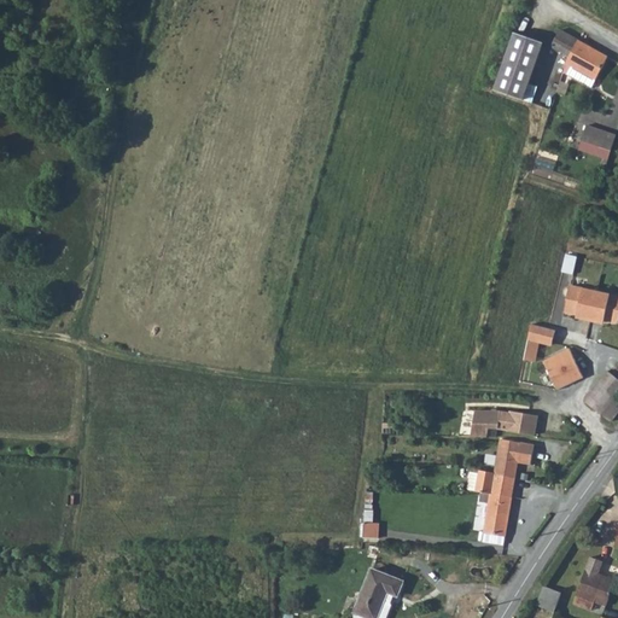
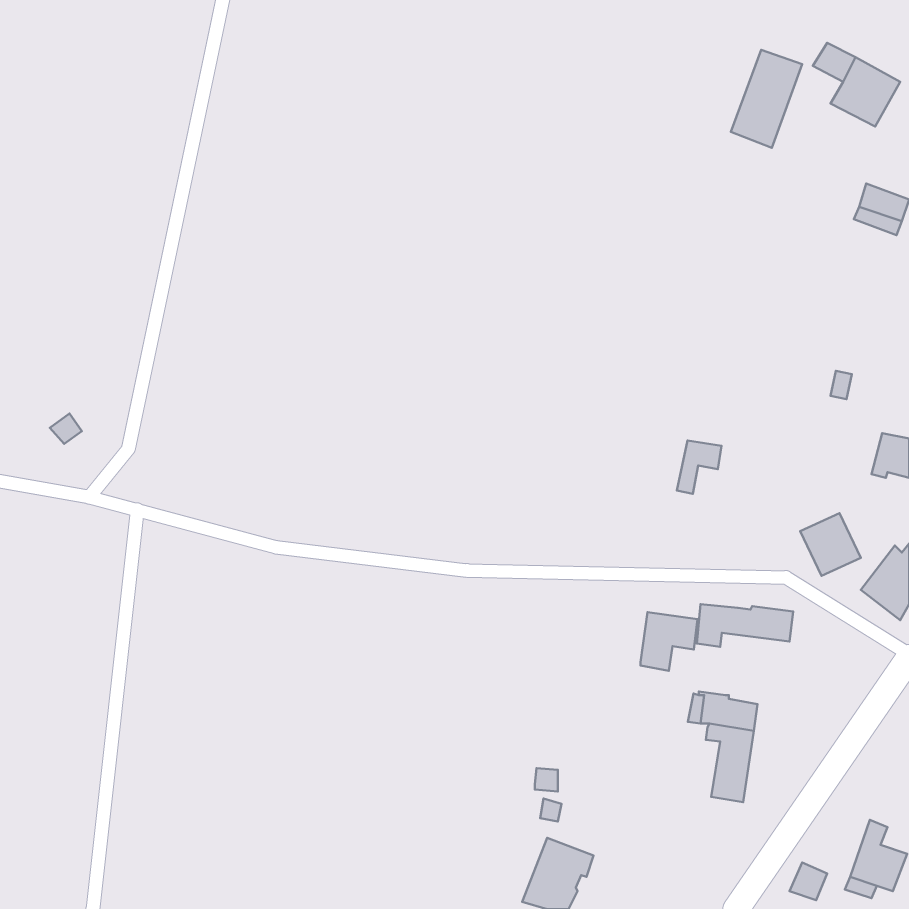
building: [564,286,597,321] -> none
building: [524,326,554,362] -> [677,440,721,494]
building: [494,437,532,477] -> [640,612,697,671]

